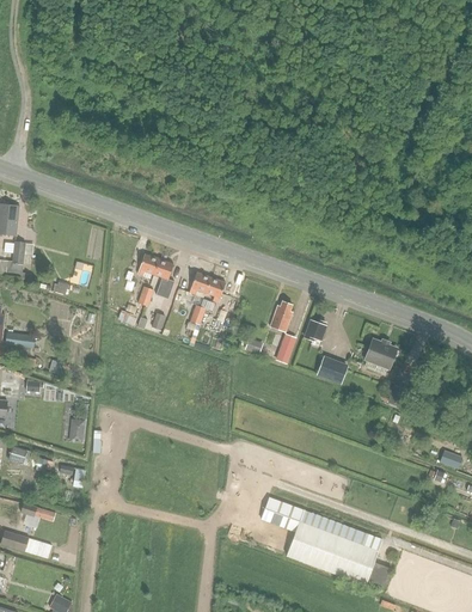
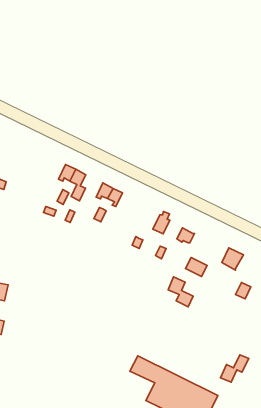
building: none -> [168,277,193,307]
building: none -> [220,355,249,382]

